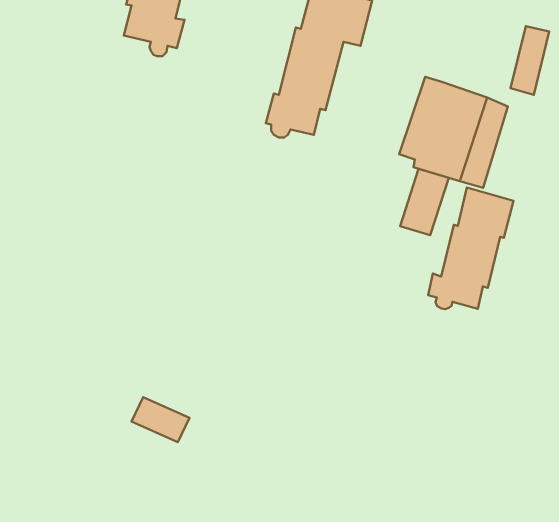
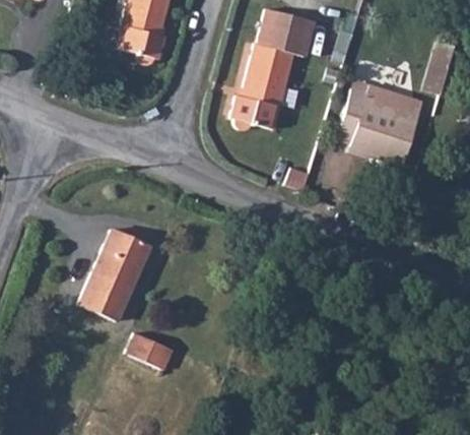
building: [400,169,449,235] -> none
building: [428,187,514,309] -> none
building: none -> [78,230,150,323]

